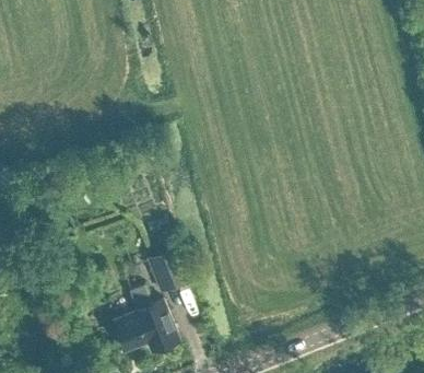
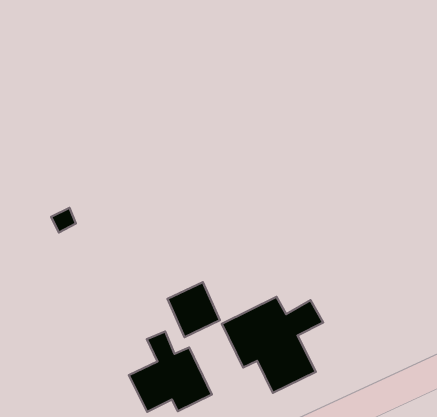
building: none -> [222,297,323,393]

